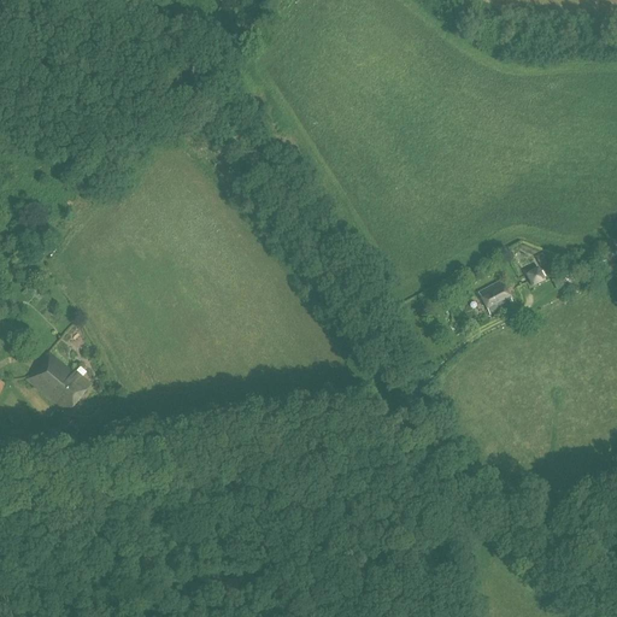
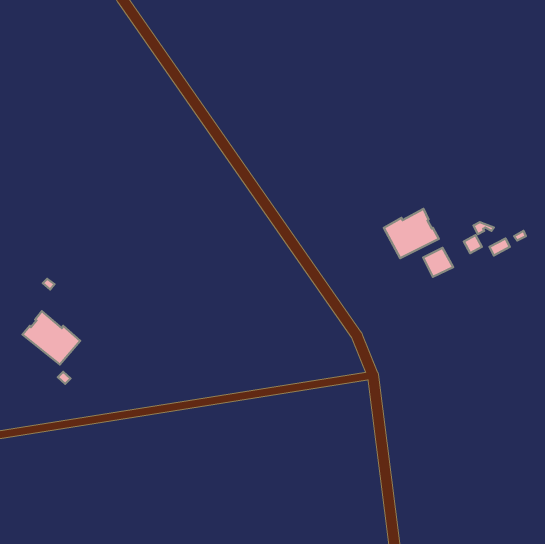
building: none -> [384,209,439,258]

